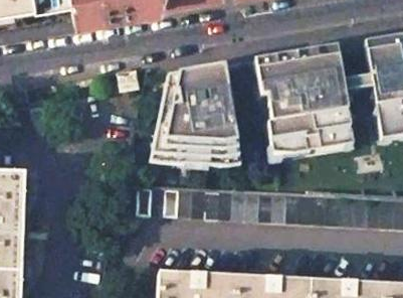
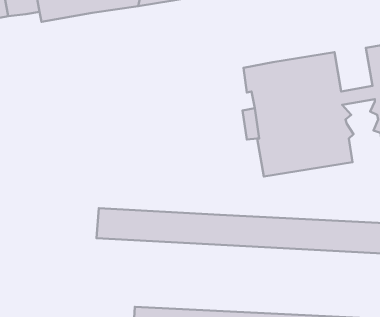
building: [151,67,242,168] -> none

